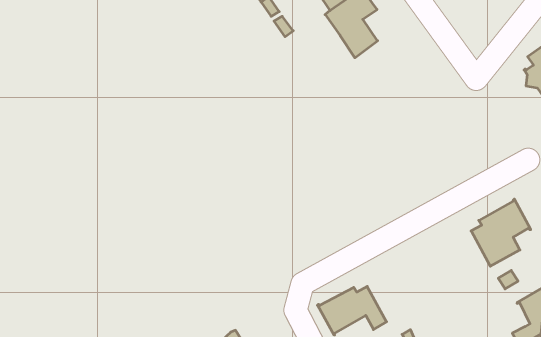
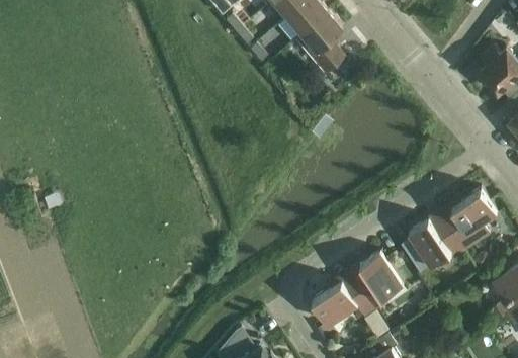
building: none -> [400,218,464,274]
building: none -> [355,251,403,309]

